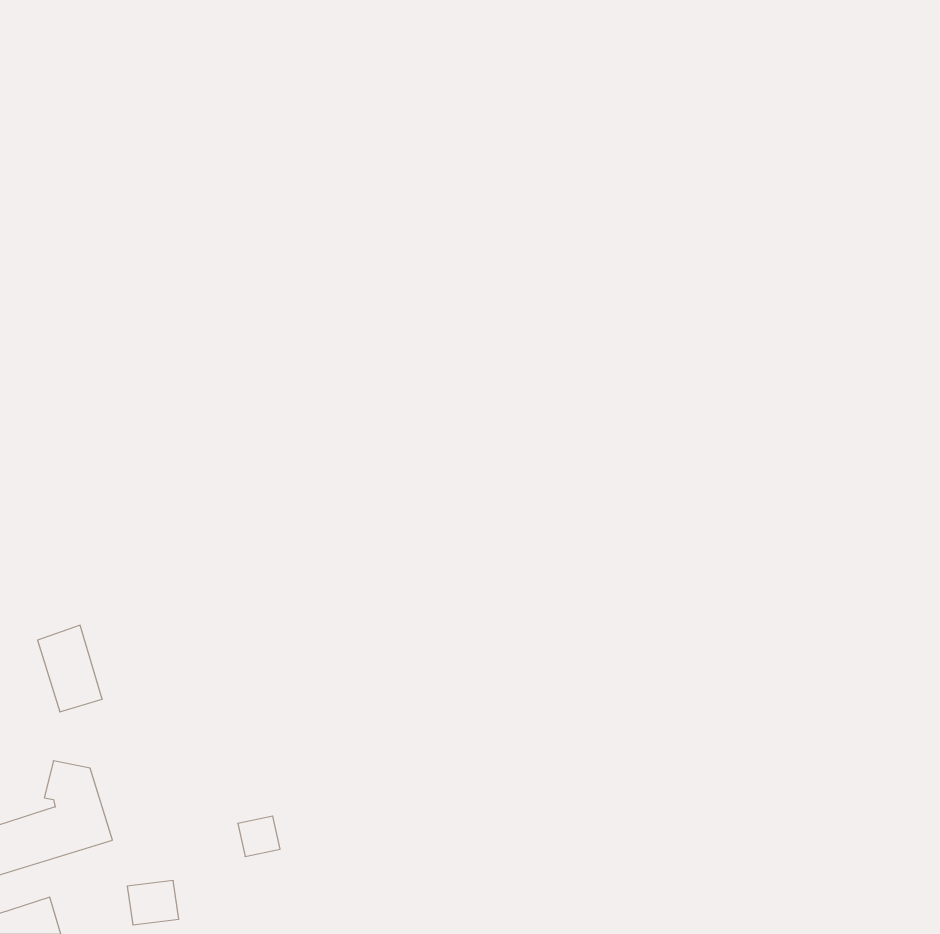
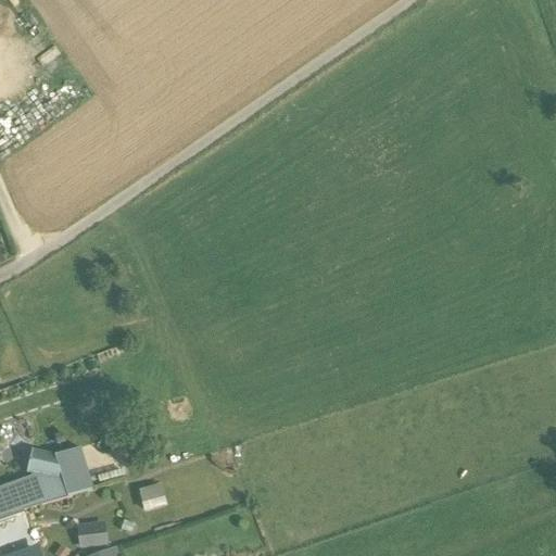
building: [38,625,102,712] -> [53,444,91,495]

